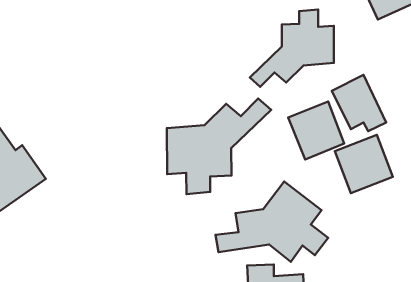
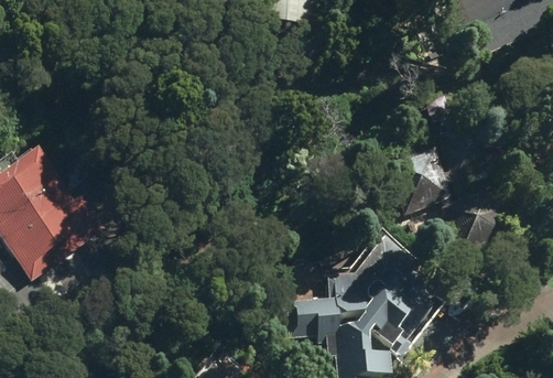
building: [250,10,334,87] -> none
building: [167,99,271,194] -> none

